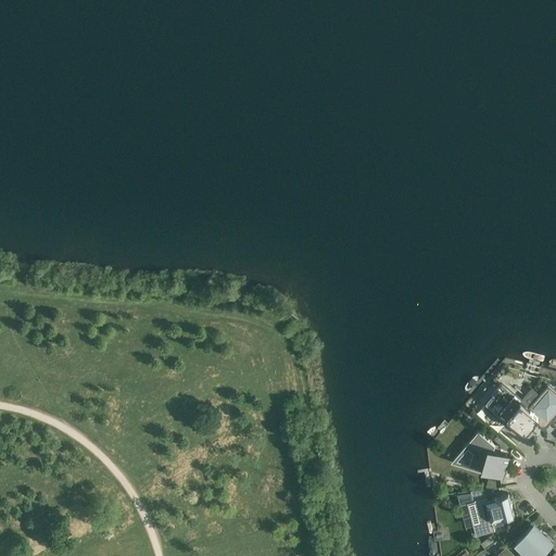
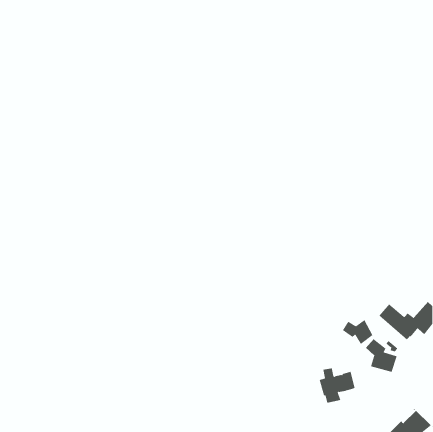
building: none -> [342,319,373,345]
building: [466,492,513,538] -> [319,368,356,404]

